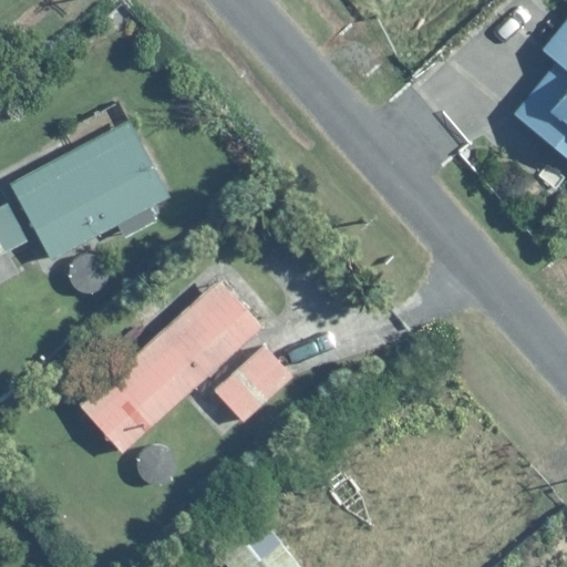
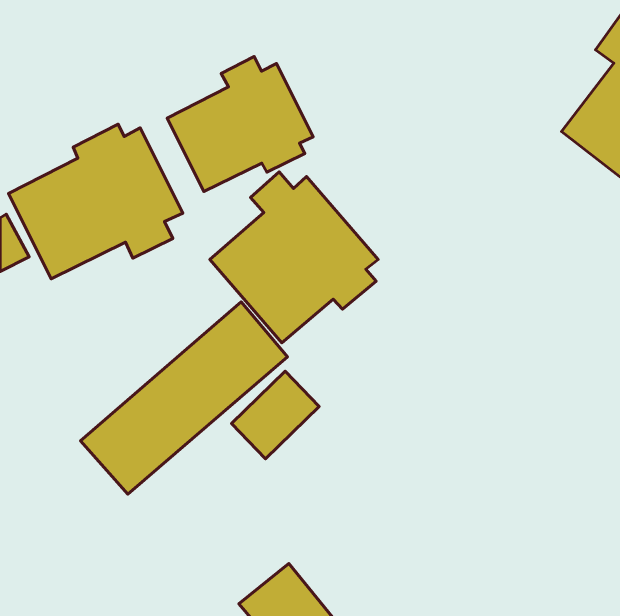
building: none -> [167,57,313,192]
building: none -> [210,172,378,343]

